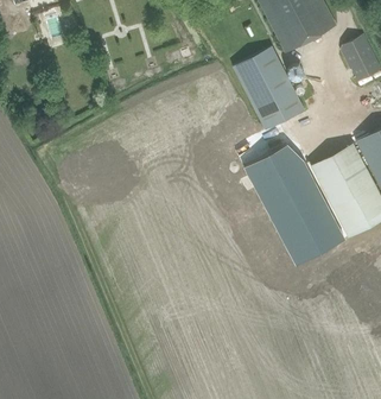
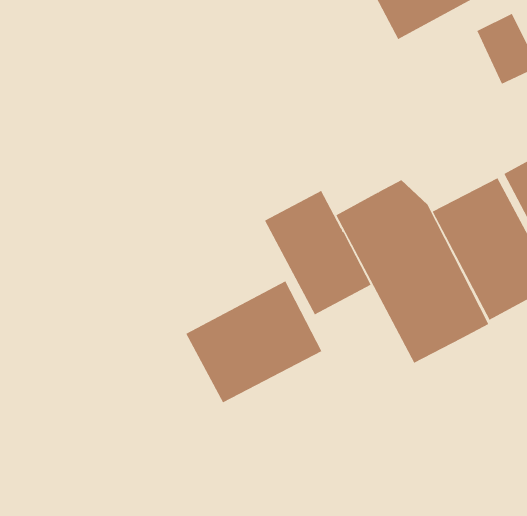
building: [234,48,305,131] -> [264,190,372,315]
building: none -> [185,280,322,403]

